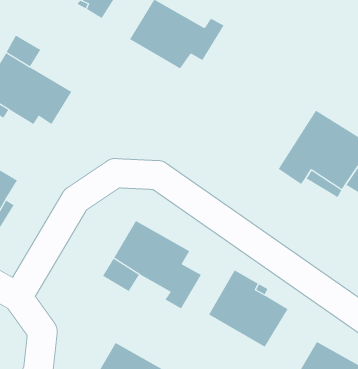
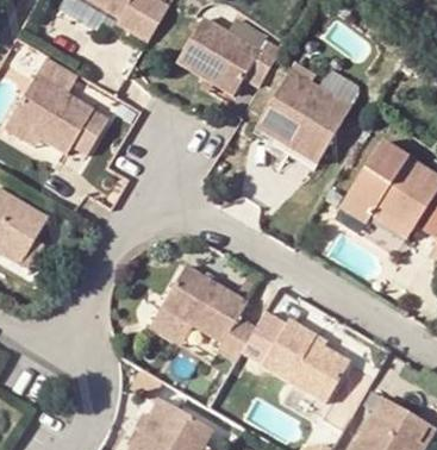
building: none -> [256,69,352,164]

